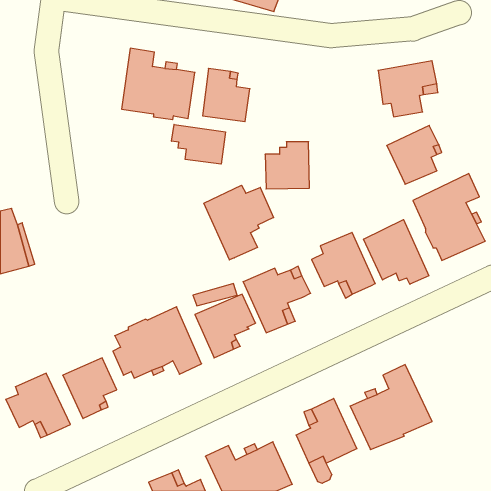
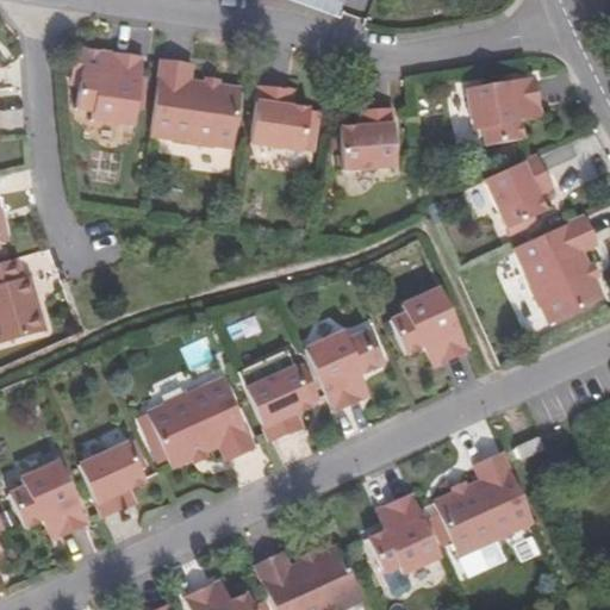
building: none -> [74,46,145,124]
building: [172,124,225,164] -> none
building: [265,142,309,189] -> [341,110,396,168]
building: [204,185,274,260] -> none
building: [364,220,429,284] -> none

